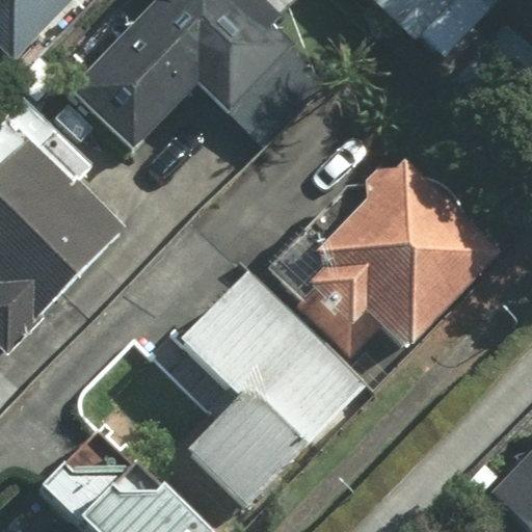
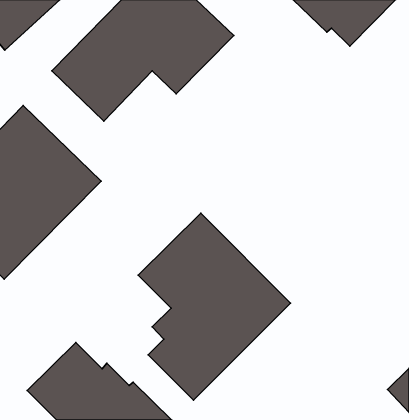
building: [303,159,501,348] -> none

